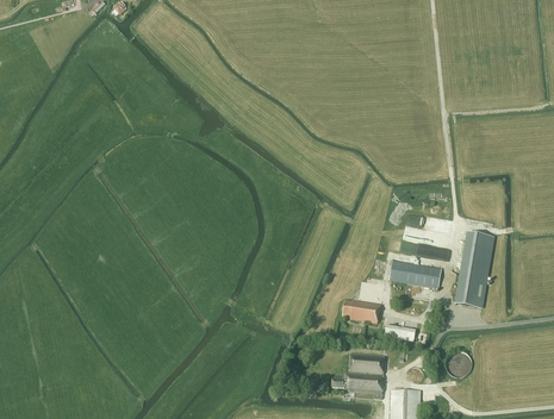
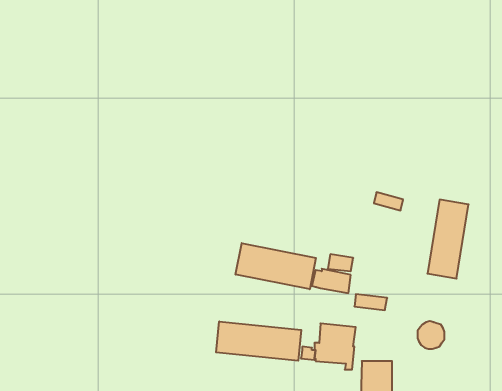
building: [387,259,441,288] -> none
building: none -> [236,243,316,289]
building: none -> [216,321,301,361]

